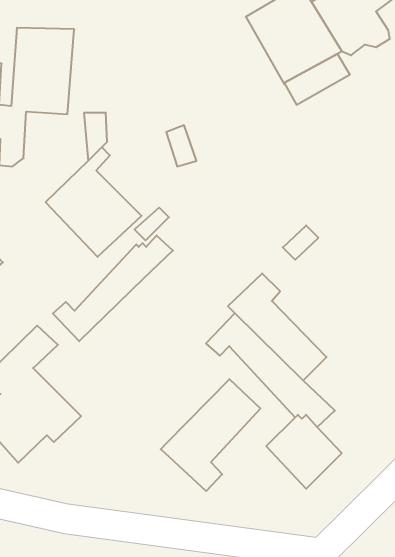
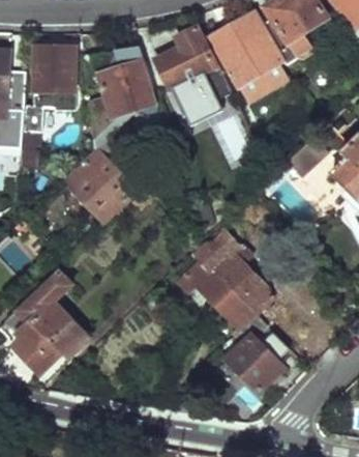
building: none -> [157,27,230,113]
building: none -> [100,60,159,117]
building: [53,235,173,341] -> none
building: [161,379,260,491] -> none

